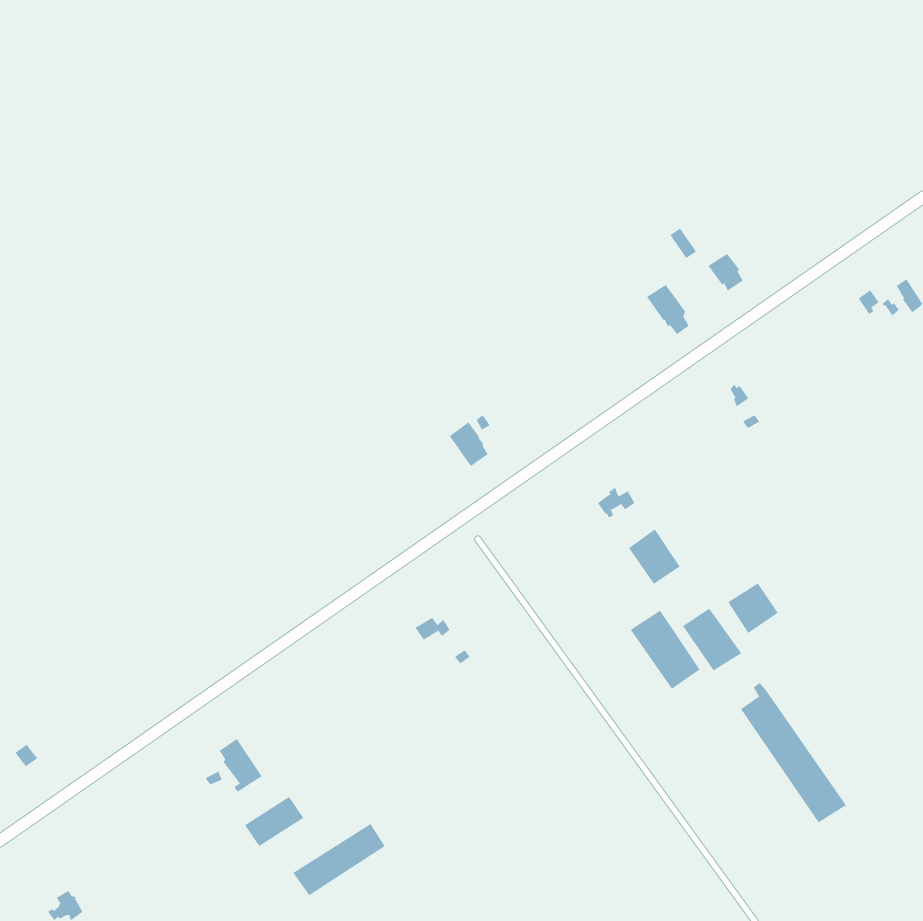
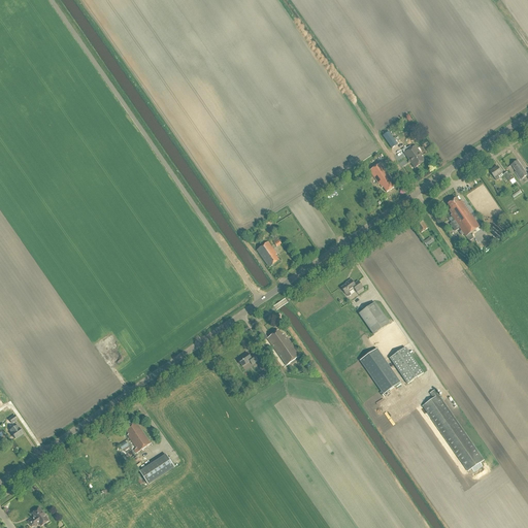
building: none -> [447,197,478,235]
building: none -> [266,329,299,364]
building: [728,583,779,634] -> none
building: [293,823,386,896] -> none

